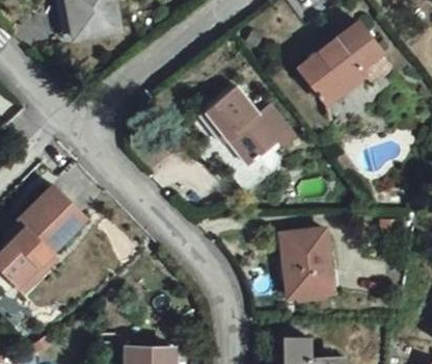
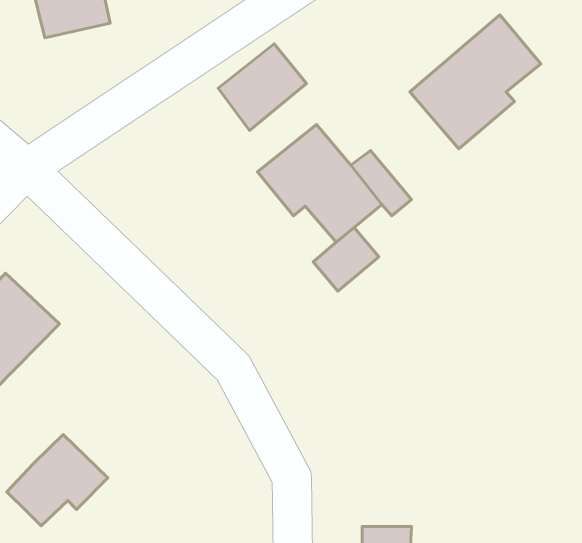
building: none -> [218,44,306,131]
building: [287,235,332,303] -> none
building: none -> [7,435,108,526]

